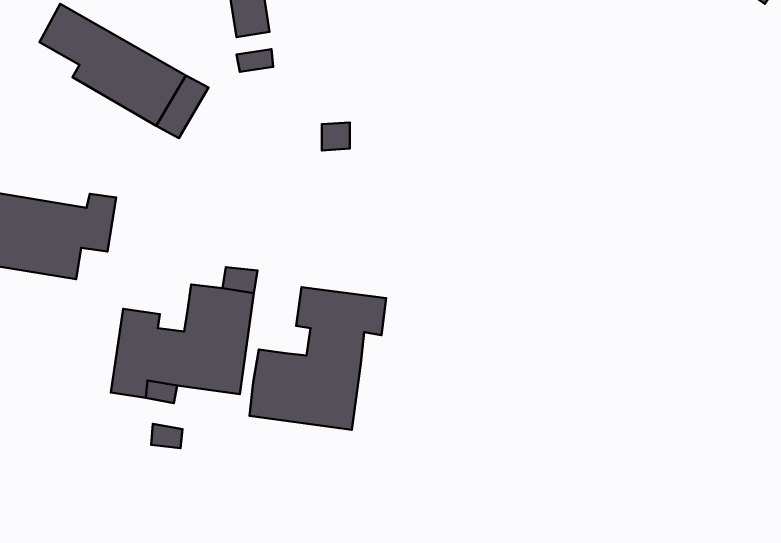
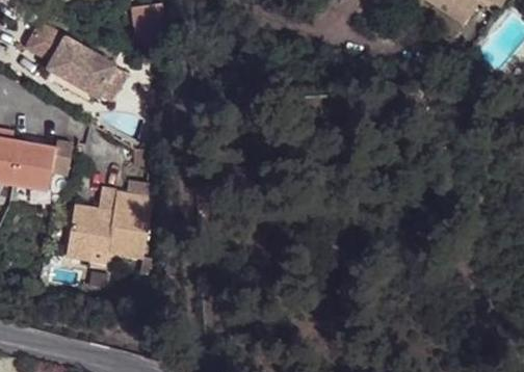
building: [250,287,386,430] -> none

